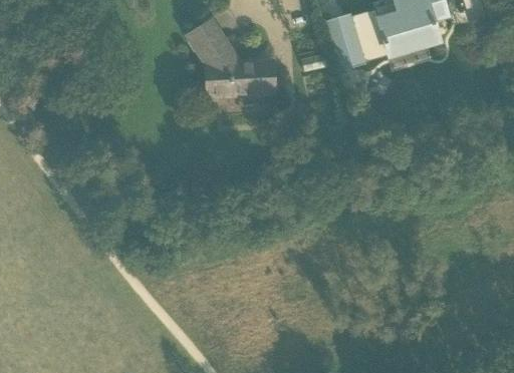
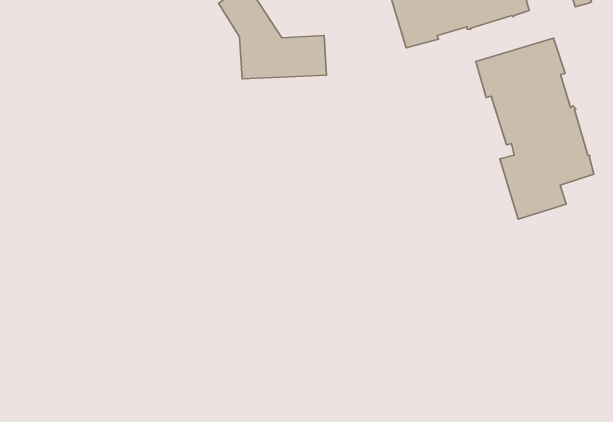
building: none -> [476,38,594,219]

